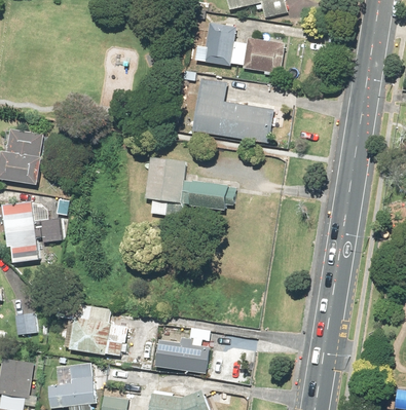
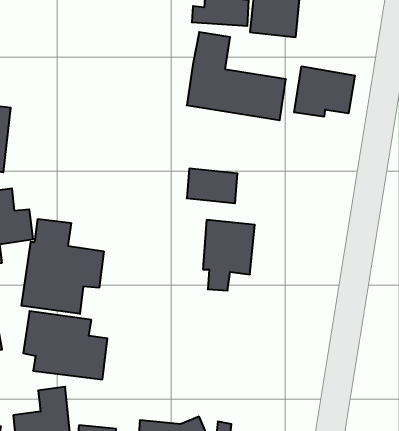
building: none -> [294,66,355,117]
building: [146,157,189,216] -> [203,220,255,291]
building: none -> [21,219,104,314]
building: [158,328,211,370] -> none

